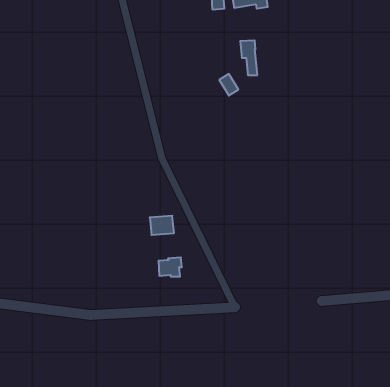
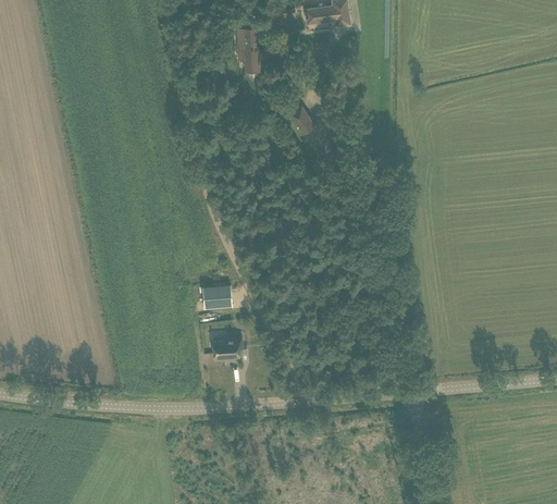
building: [240,40,257,75] -> [236,29,258,73]

